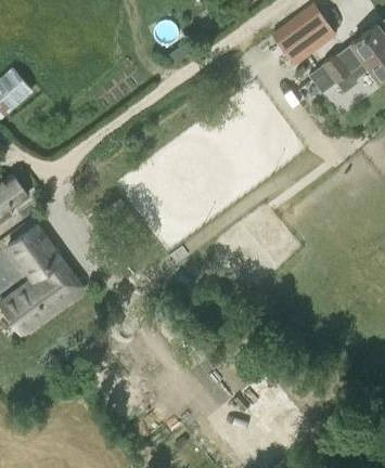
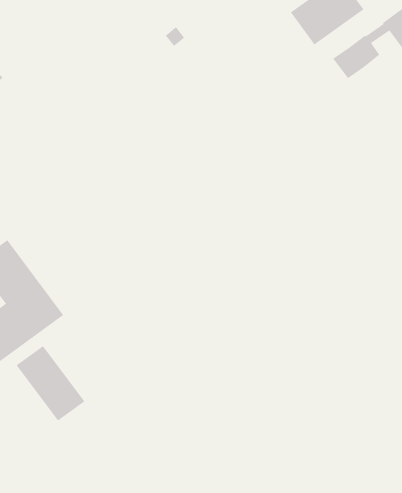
building: none -> [16,345,85,422]

